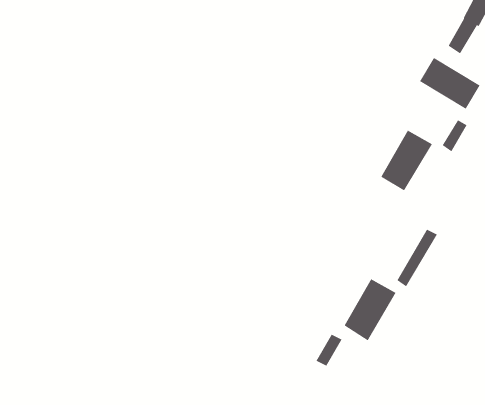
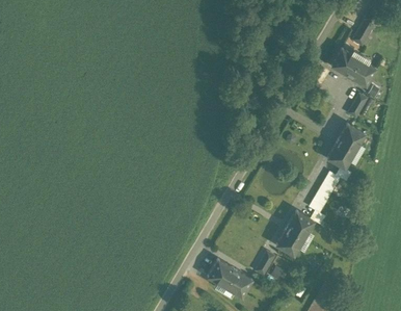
building: [380,130,433,191] -> [327,125,366,170]
building: none -> [208,260,252,297]

